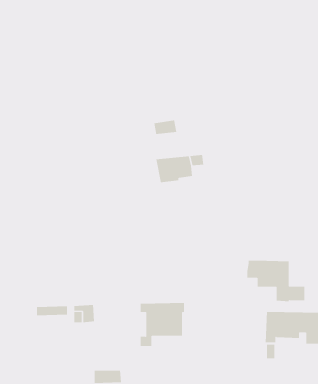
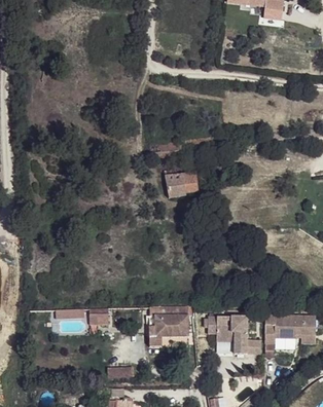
building: [247,260,305,302] -> [208,317,261,355]

